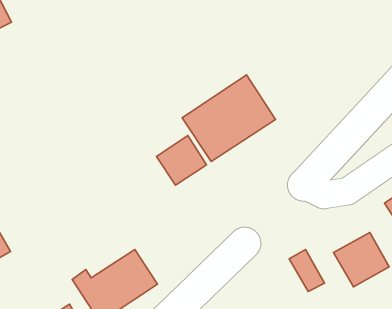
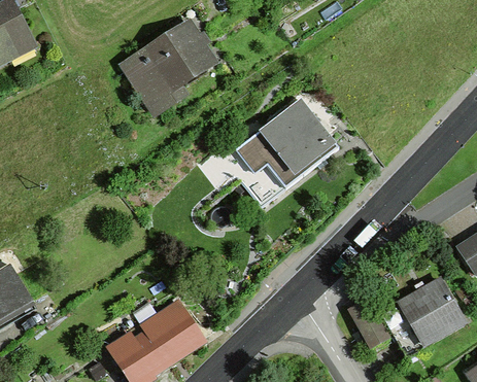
building: none -> [128,24,212,103]
building: [156,135,206,185] -> none

